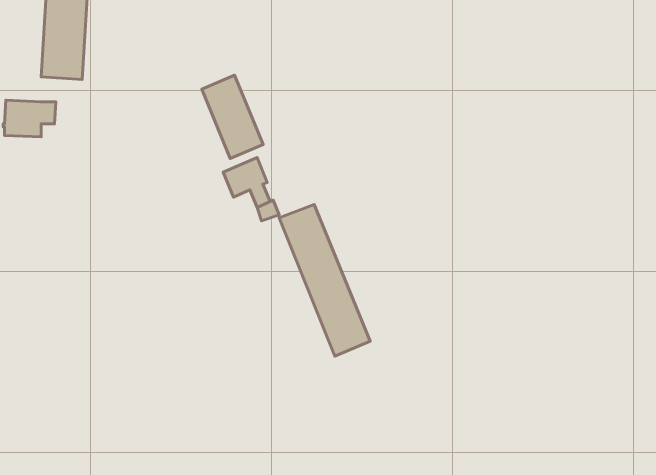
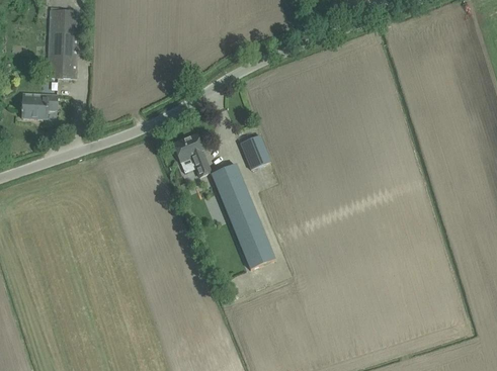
building: [202,75,263,158] -> none
building: none -> [240,133,270,168]

